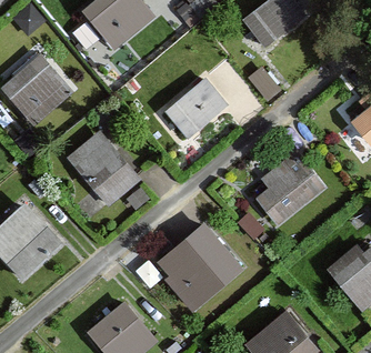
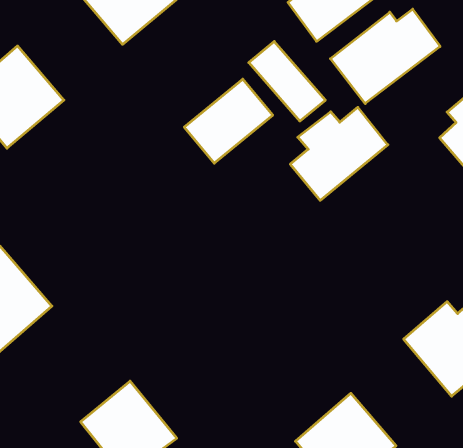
building: none -> [330,9,440,104]
building: [66,132,140,208] -> none
building: [252,158,324,226] -> [290,107,388,200]
building: [156,221,243,310] -> none

